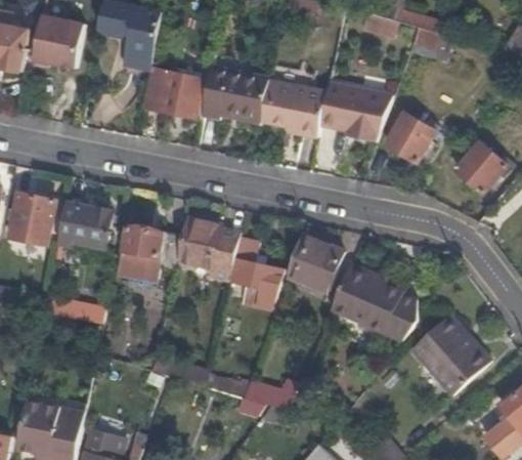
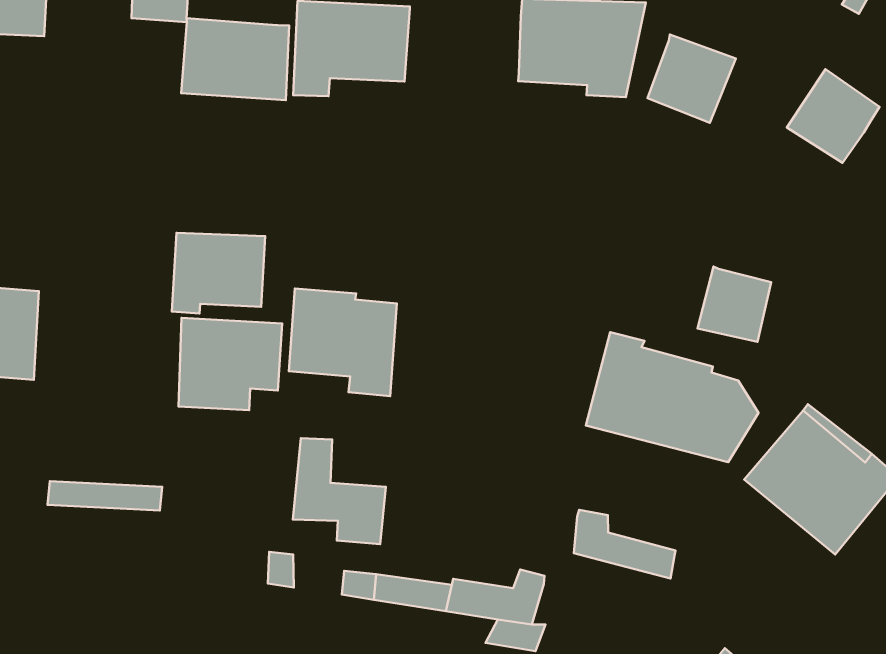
building: [260,79,325,136] -> none
building: [56,202,111,247] -> [172,233,265,314]
building: [287,234,344,291] -> none
building: none -> [697,266,771,342]
building: [230,239,281,300] -> [293,438,386,544]
building: none -> [574,510,676,578]

